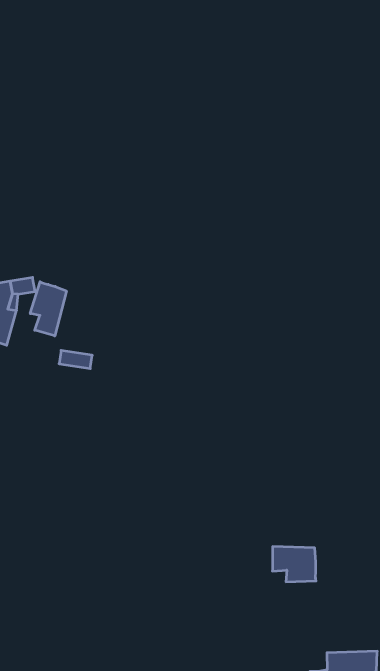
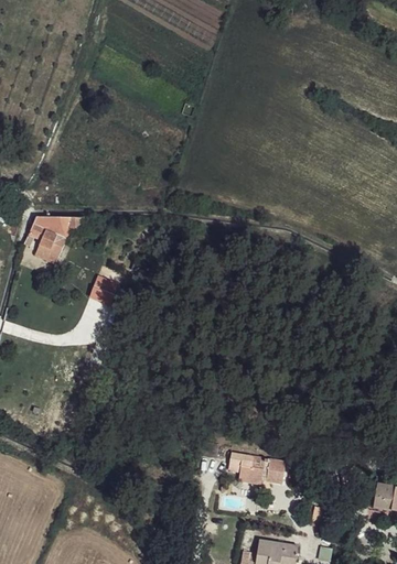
building: [30,282,66,336] -> none
building: none -> [259,459,285,486]

